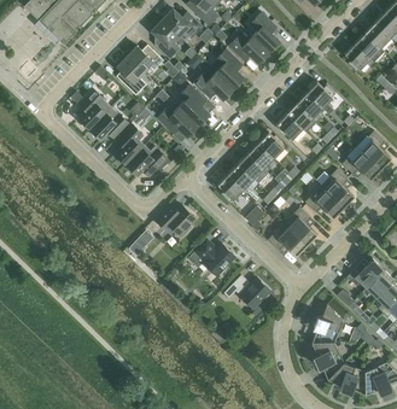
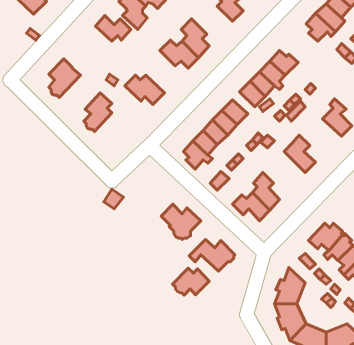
building: [228,34,268,63] -> none
building: [117,55,146,94] -> none
building: [179,84,209,124] -> none
building: [89,106,128,140] -> none
building: [125,145,170,175] -> none
building: [341,151,380,180] -> none
building: [305,185,343,217] -> none
building: [156,204,195,236] -> none
building: none -> [173,268,209,295]

